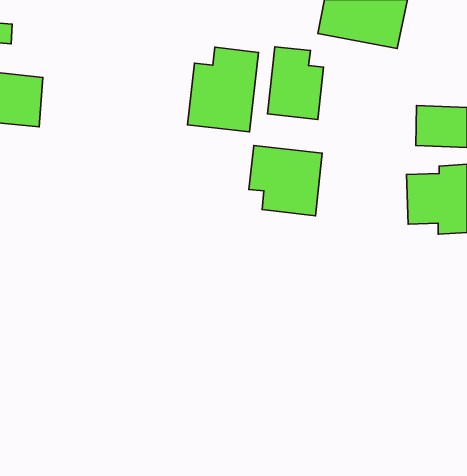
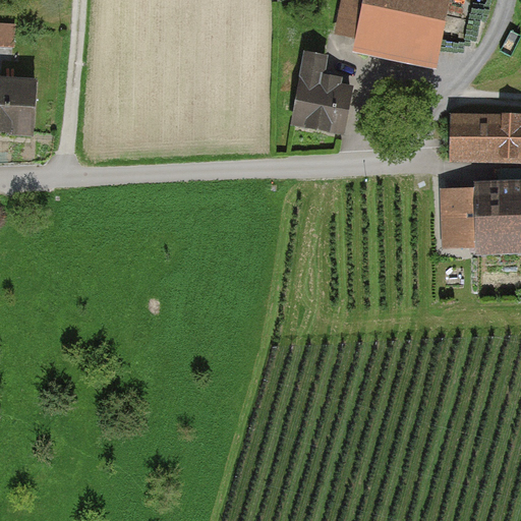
building: [187,47,258,132] -> none
building: [249,145,322,216] -> none

